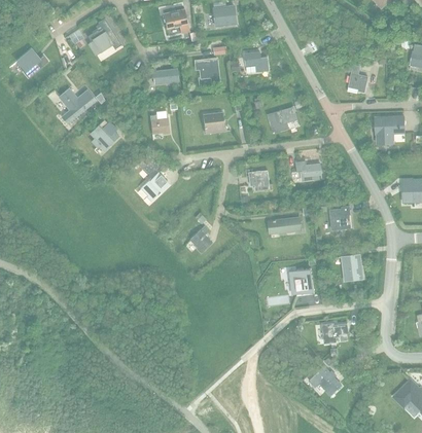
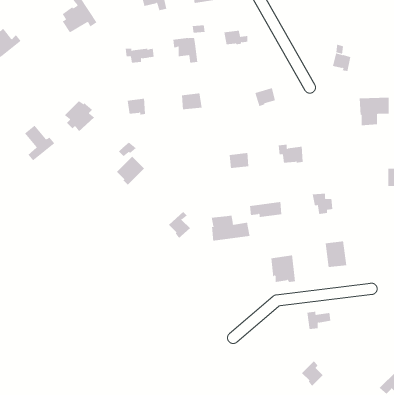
building: [58,87,87,122] -> [24,125,55,161]
building: none -> [211,215,250,242]

